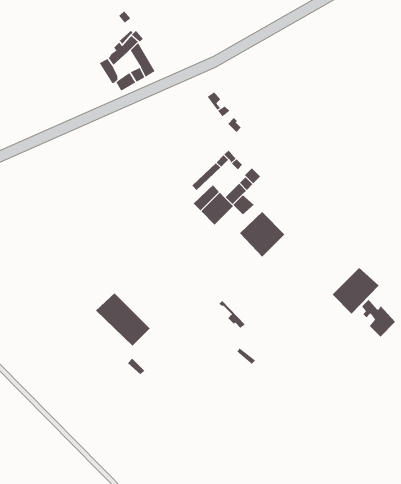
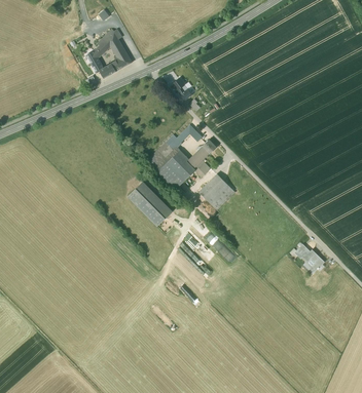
building: [332,267,379,315] -> none
building: [95,292,150,346] -> [126,182,171,225]

